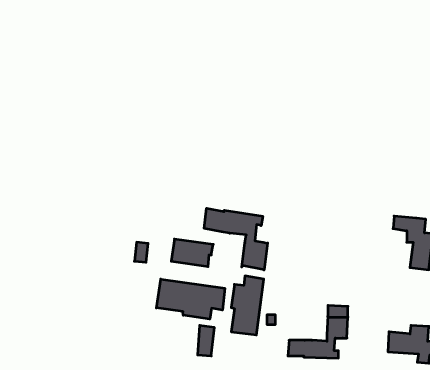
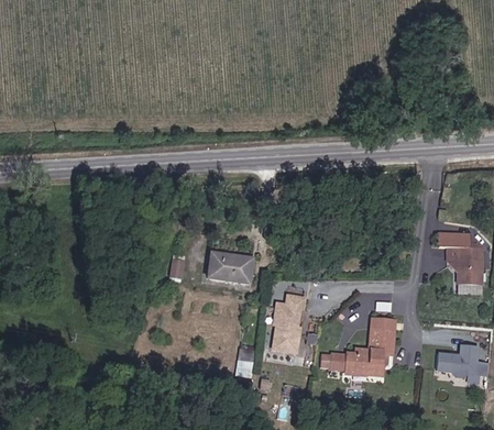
building: [204,208,268,270] -> none
building: [156,279,225,319] -> none

